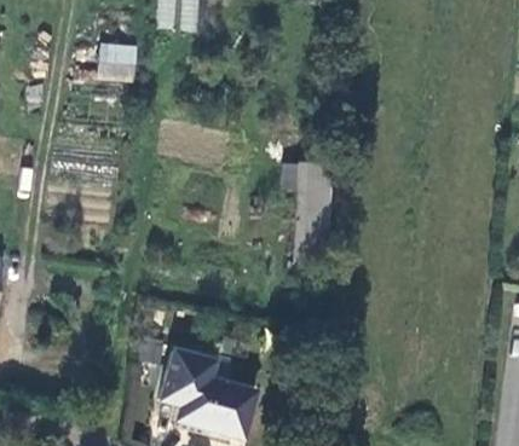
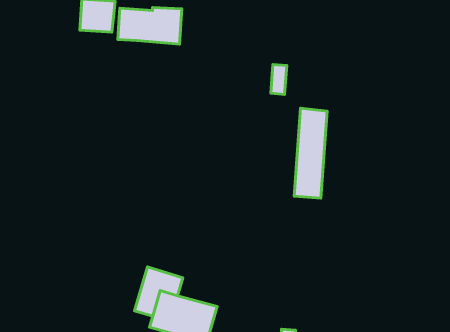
building: none -> [118,8,182,44]
building: [292,160,329,261] -> [294,108,327,198]

